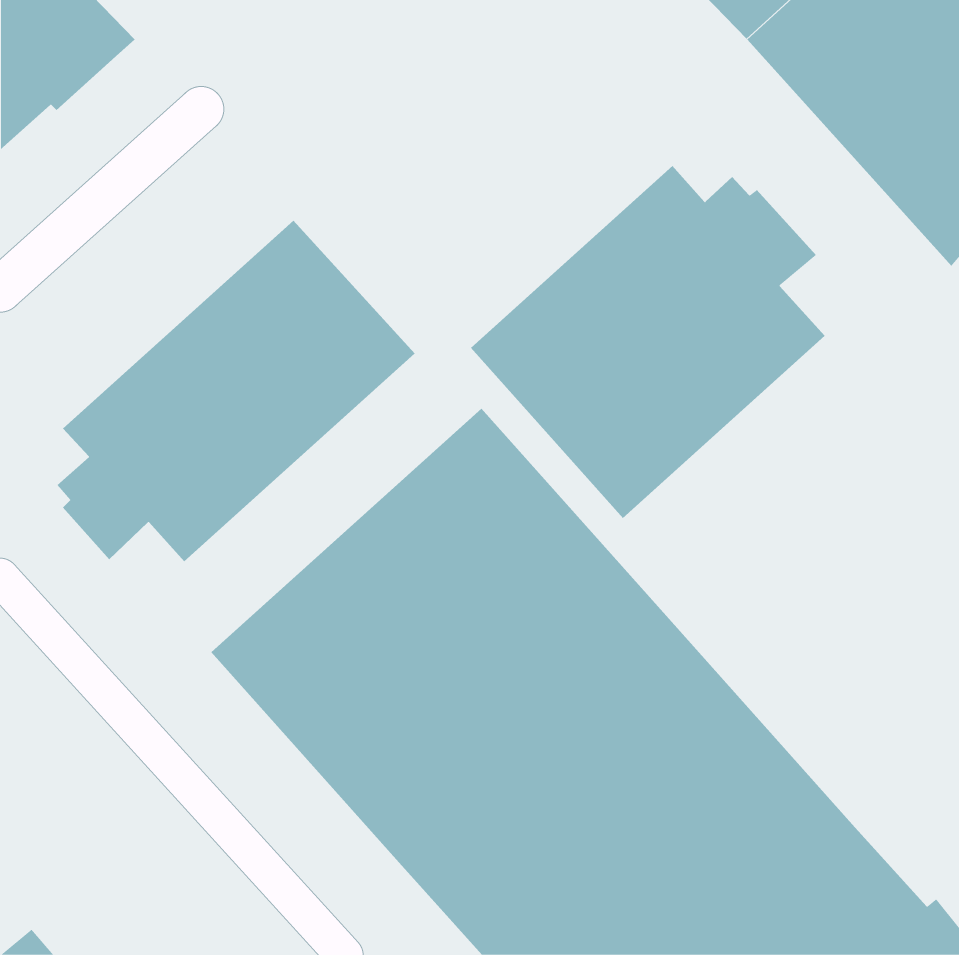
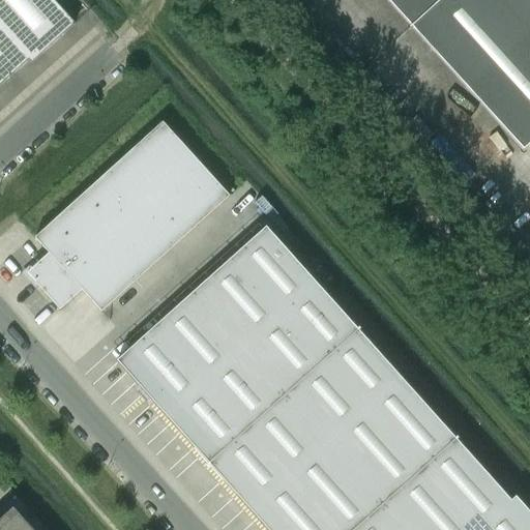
building: [470,165,825,519] -> none

